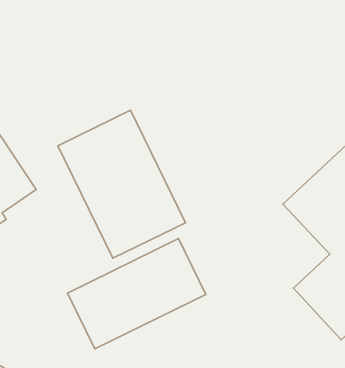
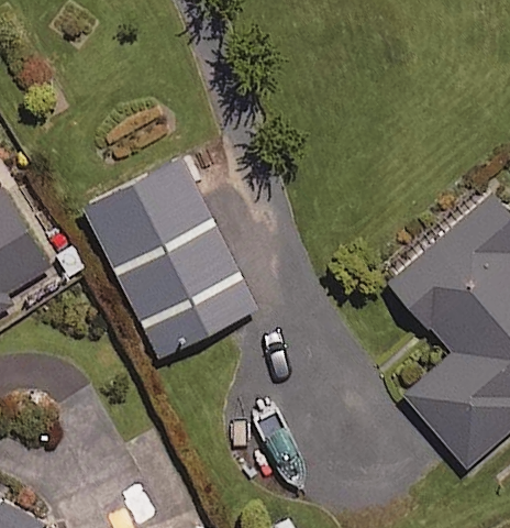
building: [67,239,206,349] -> none

